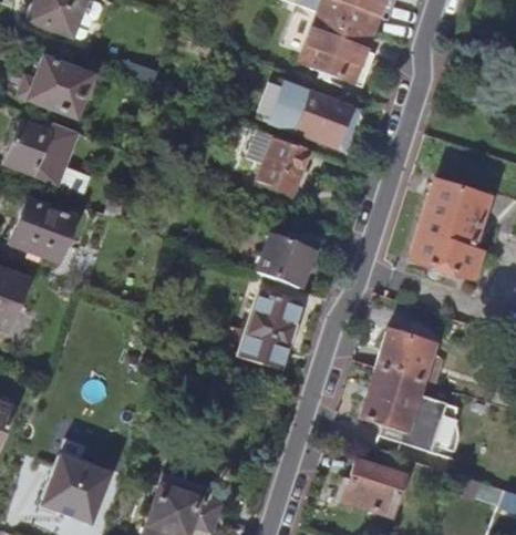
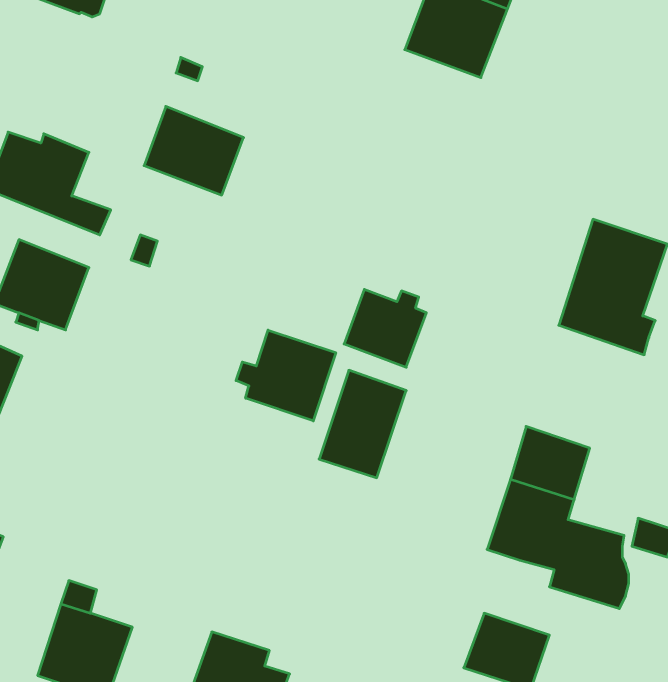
building: [20,52,91,115] -> [144,106,244,195]
building: [271,80,361,148] -> none
building: [257,135,310,193] -> none
building: none -> [236,330,336,421]

